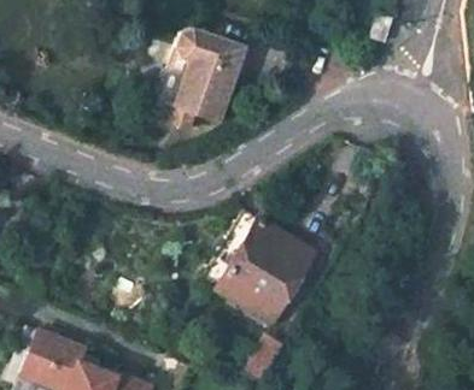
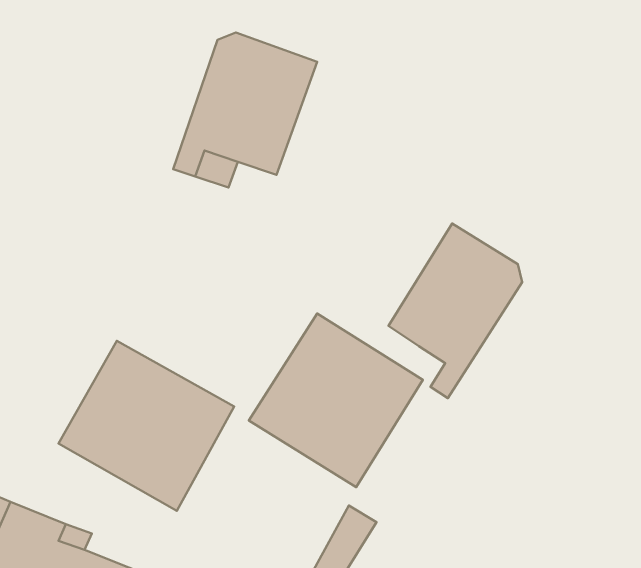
building: none -> [388,223,522,398]
building: none -> [59,341,234,511]

